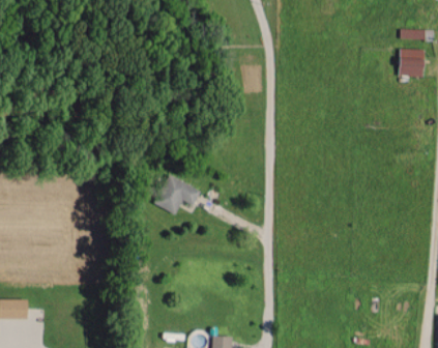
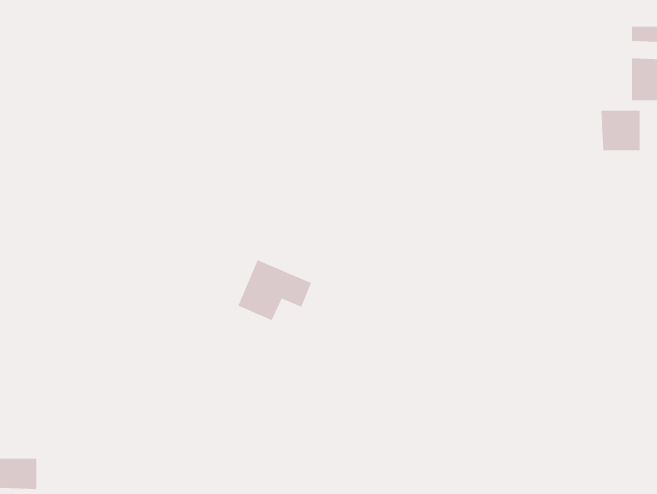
building: none -> [601,110,640,151]

